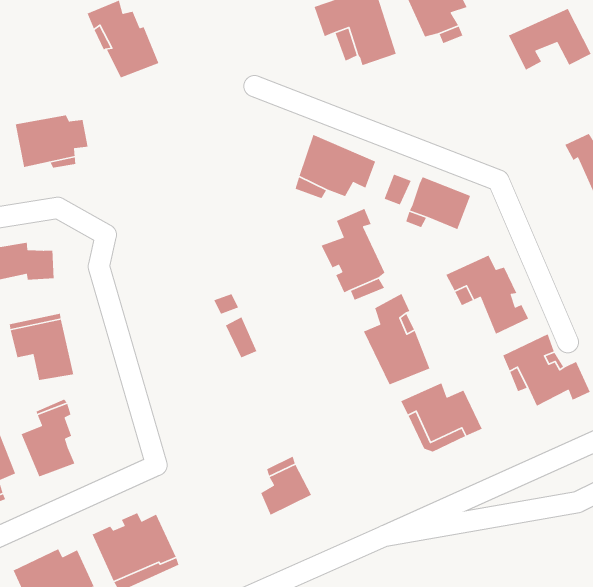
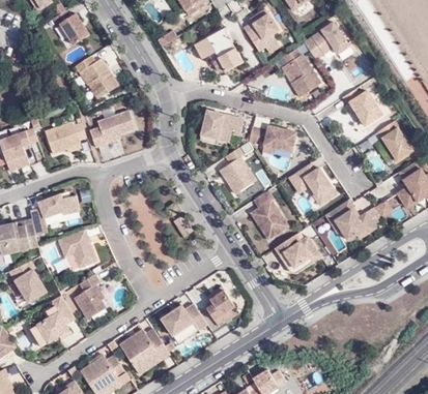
building: none -> [280,50,318,98]
building: none -> [89,110,136,148]
building: none -> [162,303,207,335]

